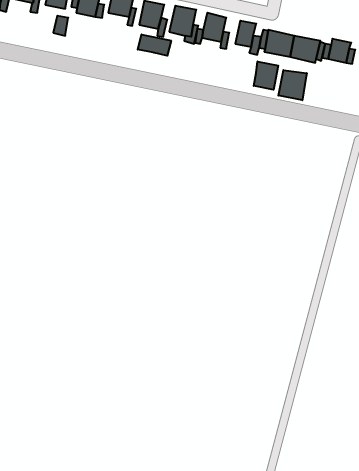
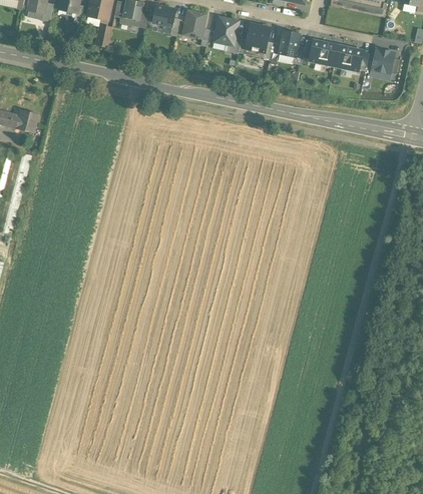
building: [138,34,171,56] -> none
building: [254,61,278,90] -> none
building: [278,70,307,100] -> none

